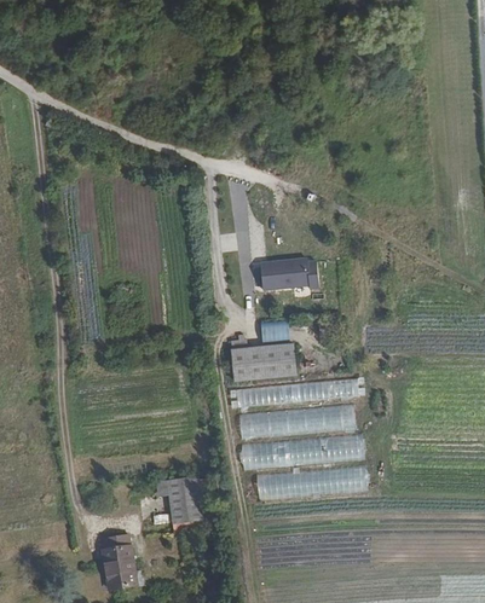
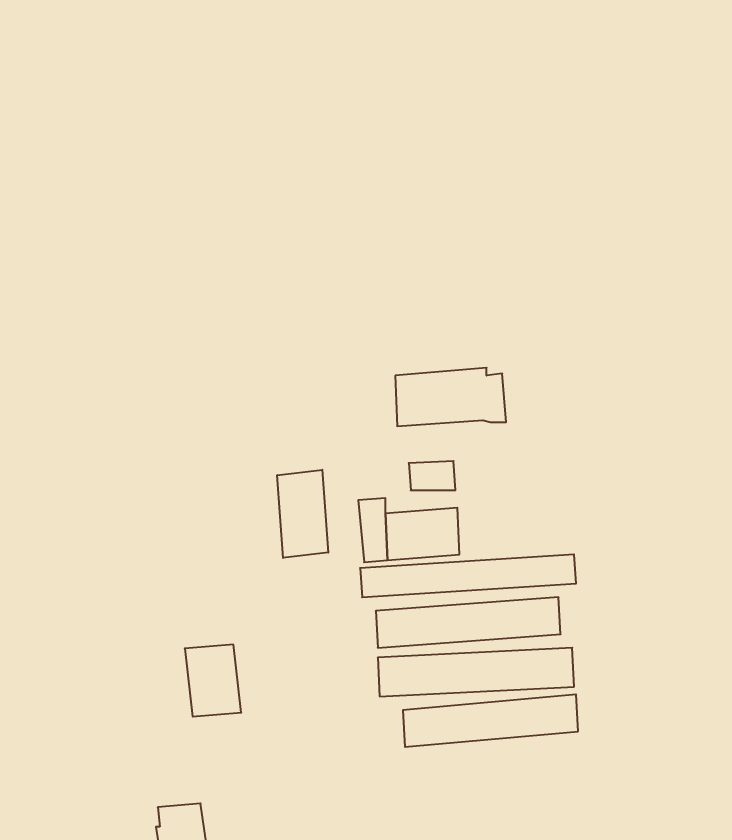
building: none -> [277,470,328,558]
building: [164,476,200,521] -> [185,645,241,717]

